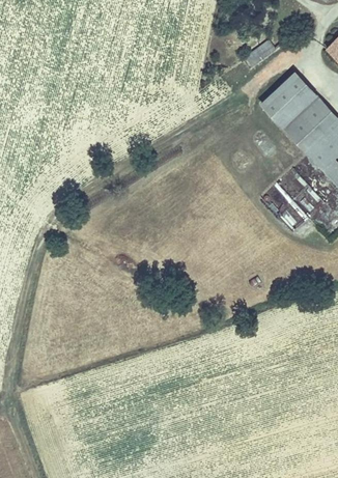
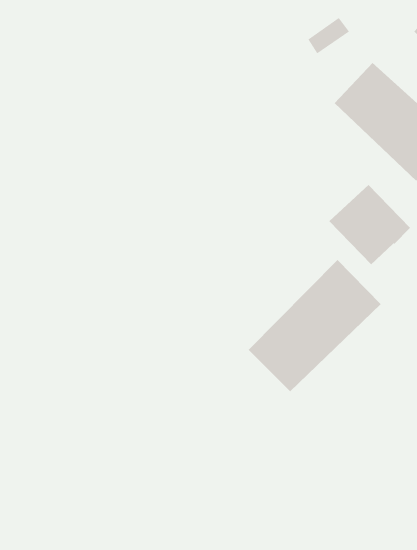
building: none -> [248,259,381,392]

